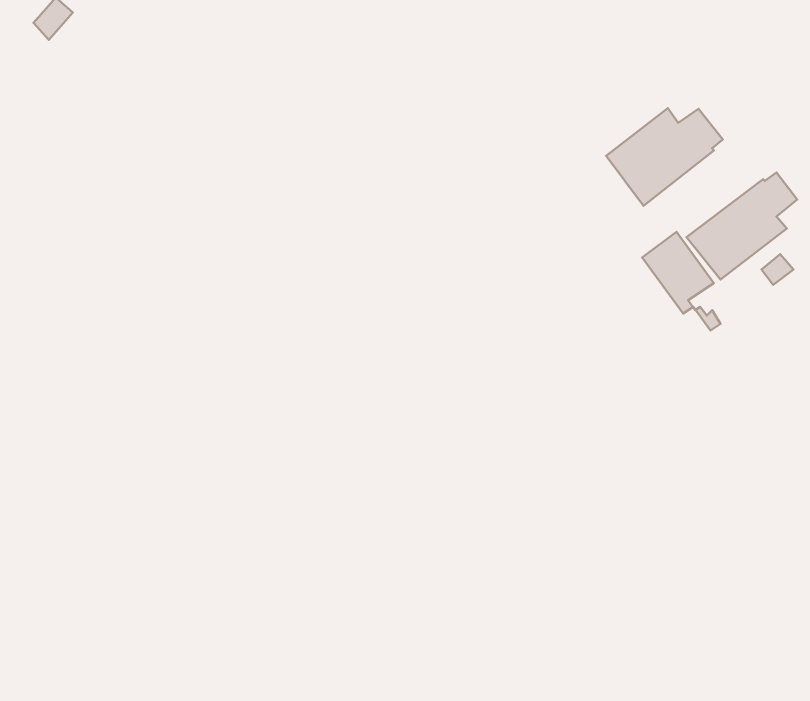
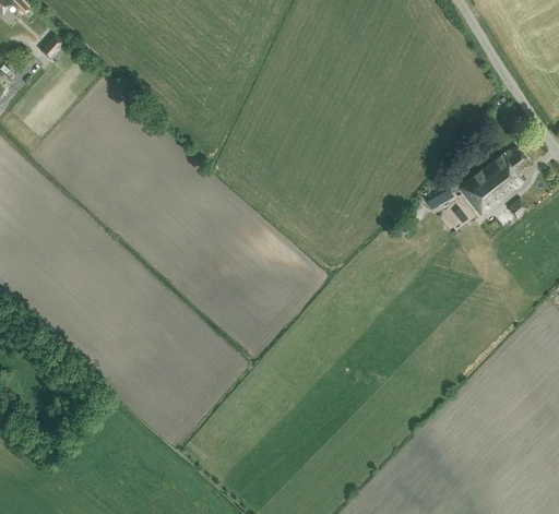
building: [606,108,723,206] -> none

